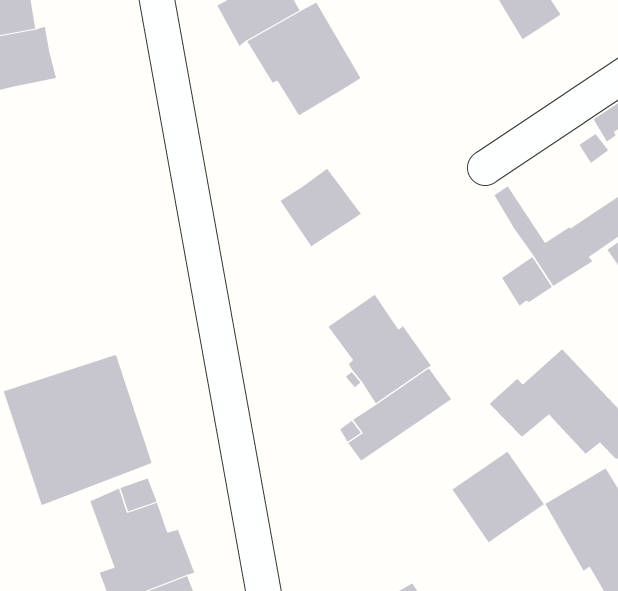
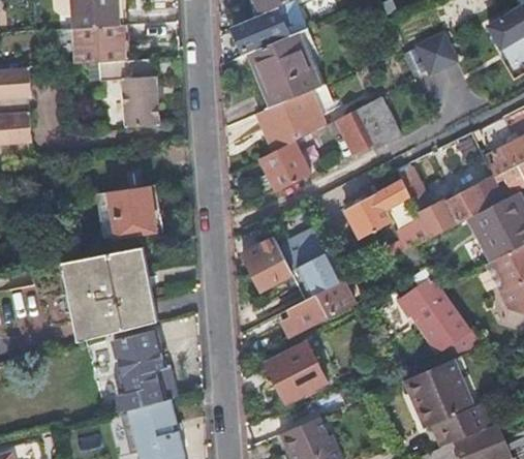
building: none -> [95,59,158,126]
building: none -> [336,97,401,154]
building: none -> [259,91,325,152]
building: none -> [347,181,410,238]
building: none -> [109,183,168,233]
building: none -> [244,239,291,290]
building: [451,451,545,543] -> [267,344,327,403]

